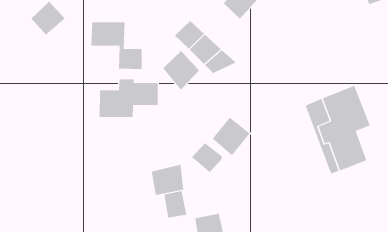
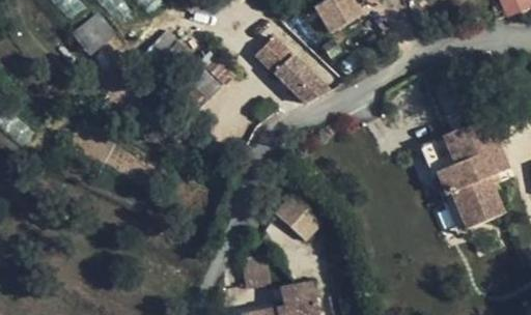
building: [162,50,200,90] -> none
building: [99,78,158,118] -> none
building: [212,117,251,156] -> none
building: [151,164,184,196] -> none

